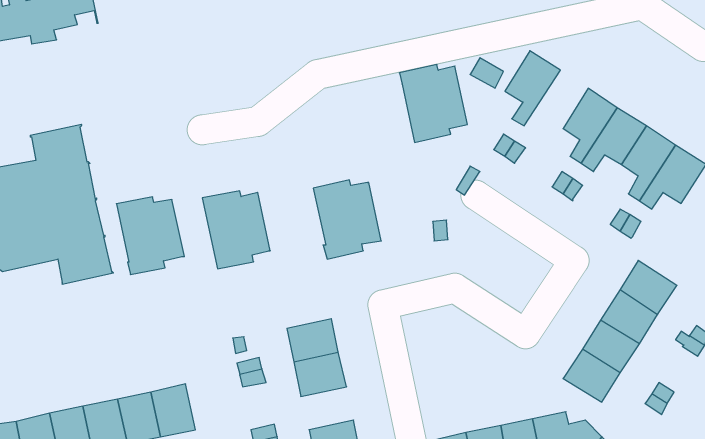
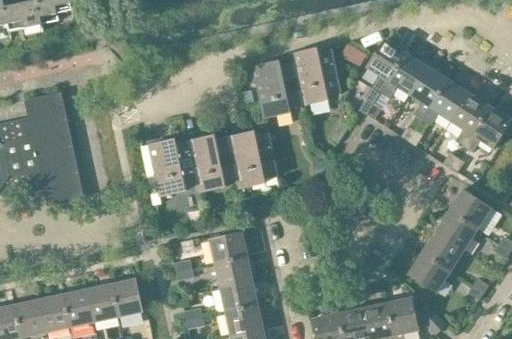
building: none -> [380,52,426,98]
building: none -> [252,61,301,116]
building: [116,197,184,275] -> [188,135,237,191]
building: none -> [219,280,257,311]

